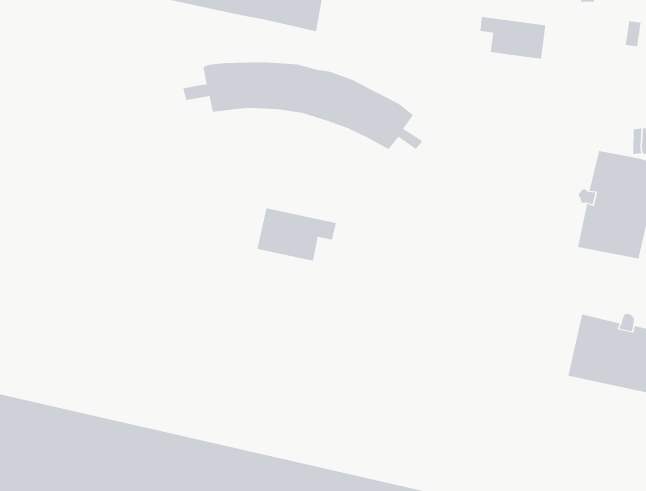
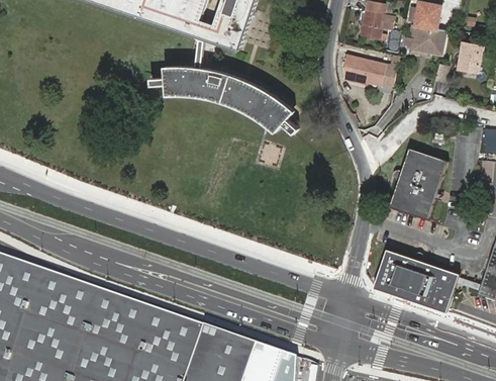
building: [257,207,336,261] -> none

